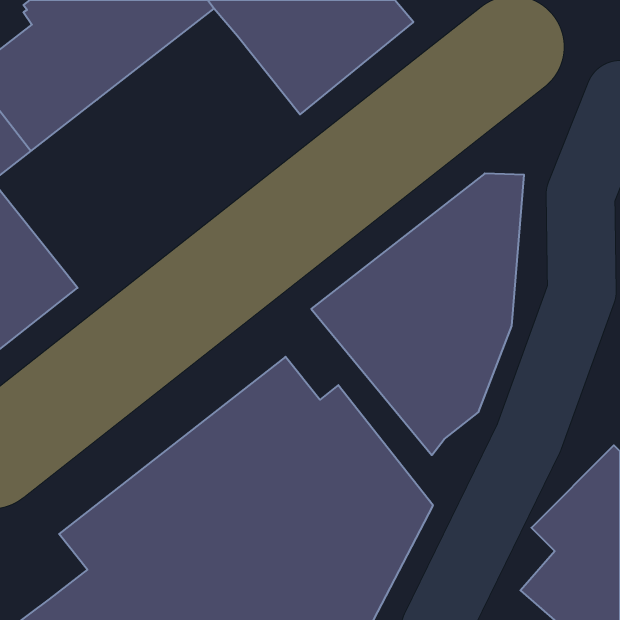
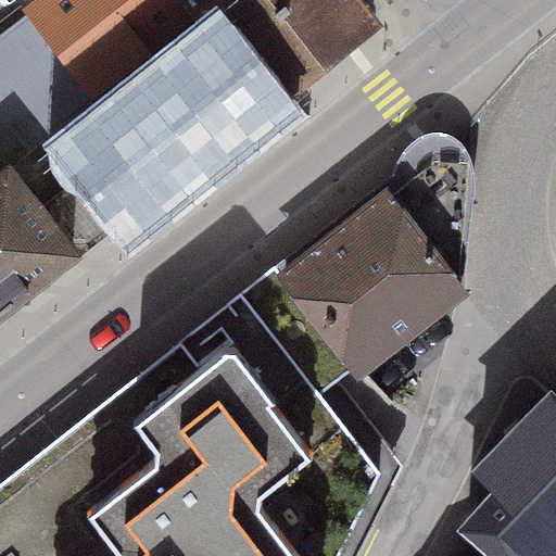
building: none -> [45,39,265,252]

